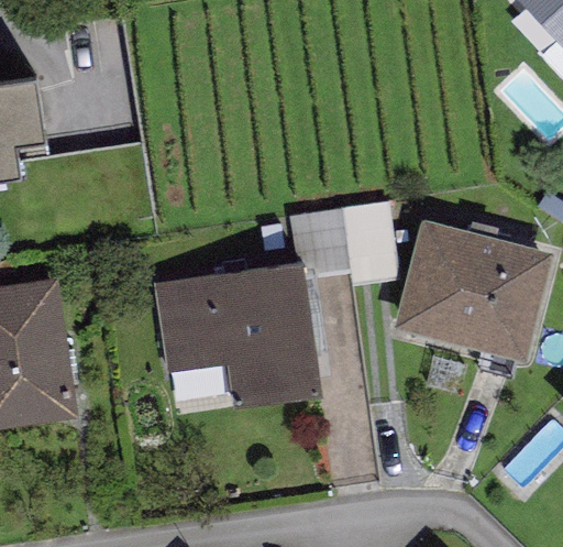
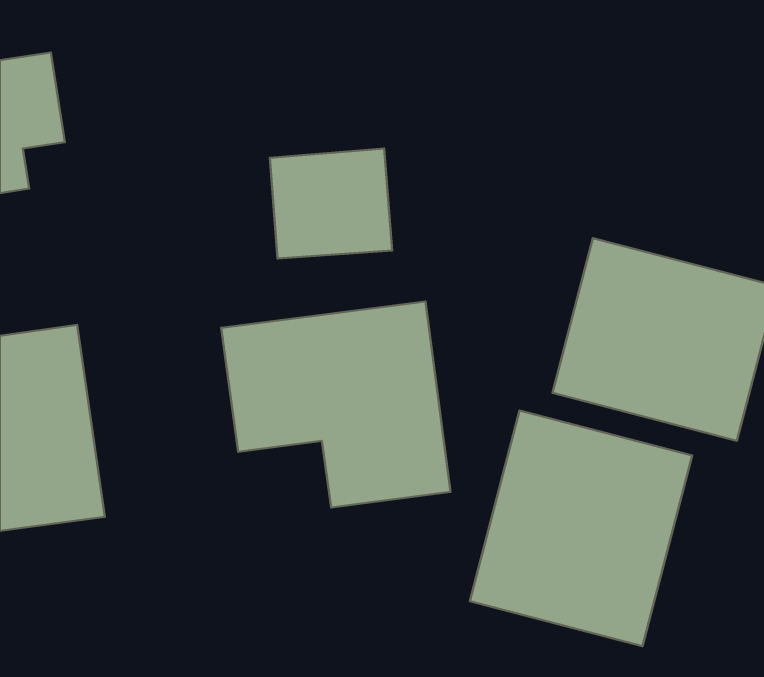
building: [302,210,389,288] -> [270,149,392,258]
building: none -> [470,410,692,646]

